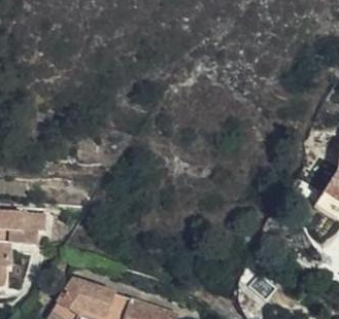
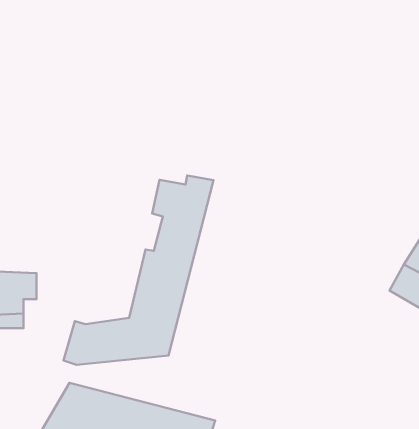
building: none -> [63,175,213,365]

